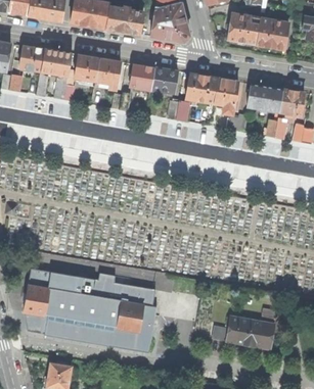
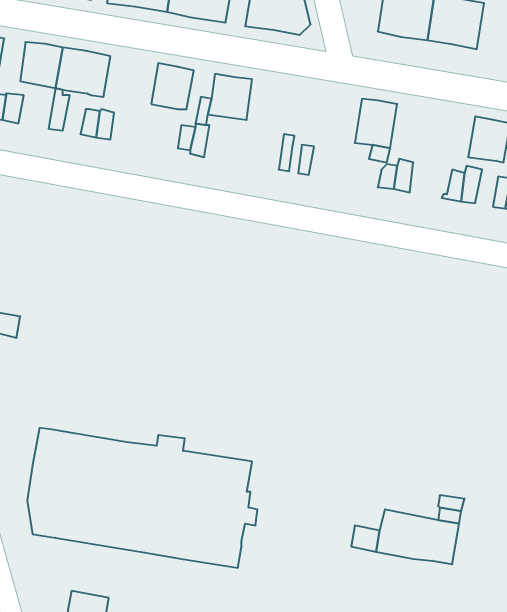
building: [75,55,100,82] -> none
building: [151,67,177,94] -> none
building: [185,74,218,104] -> none
building: [246,84,283,112] -> none

